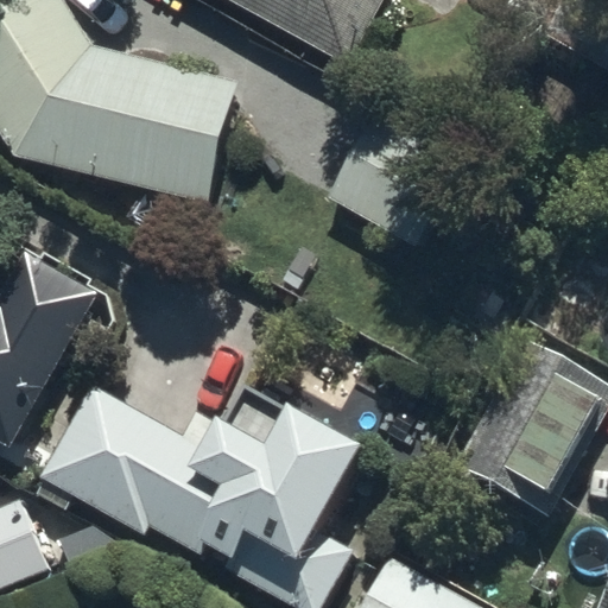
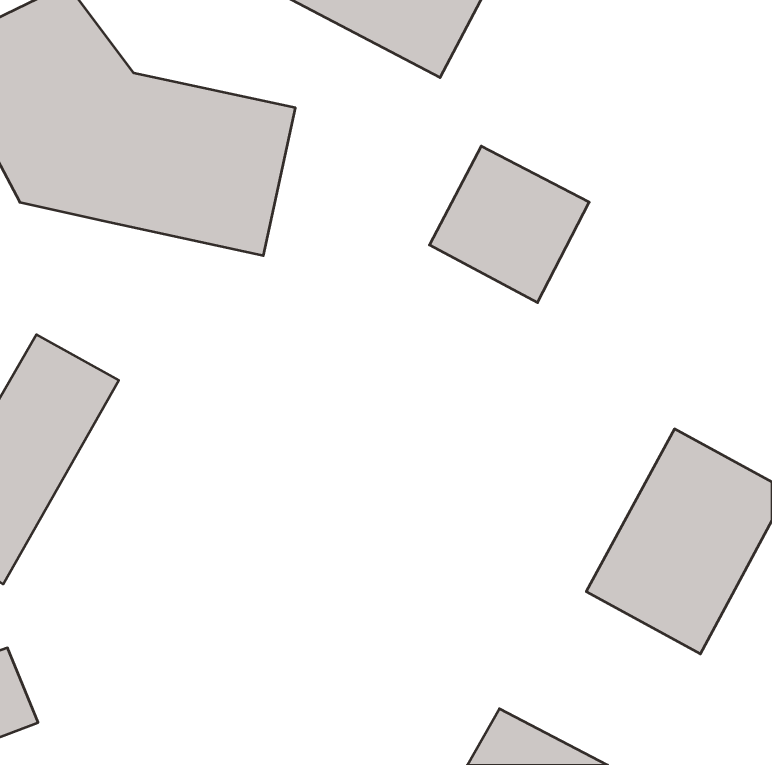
building: [59,399,357,571] -> none

